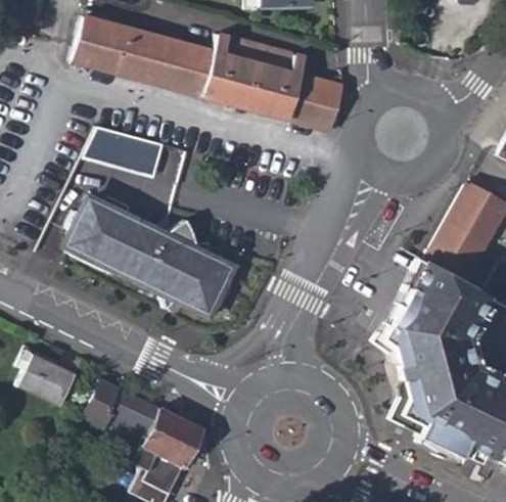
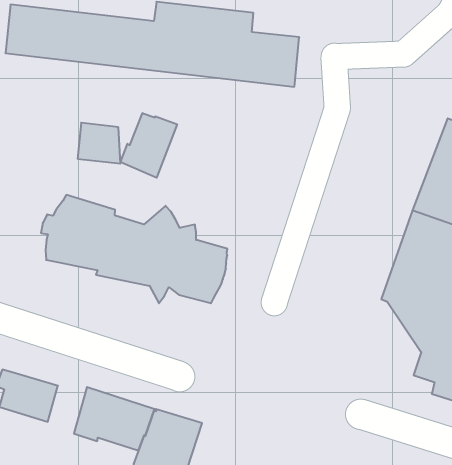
building: [86,126,132,168] -> none
building: none -> [120,113,177,178]

